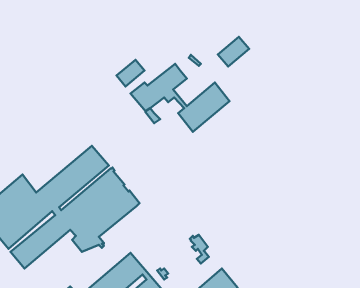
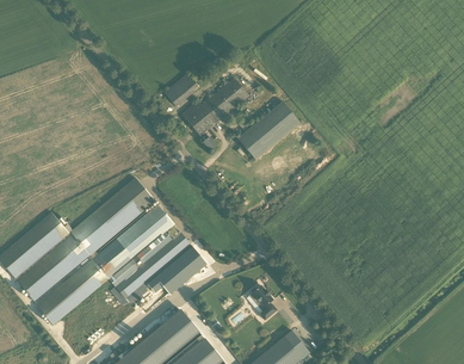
building: [218,37,249,66] -> none
building: none -> [146,247,206,295]

